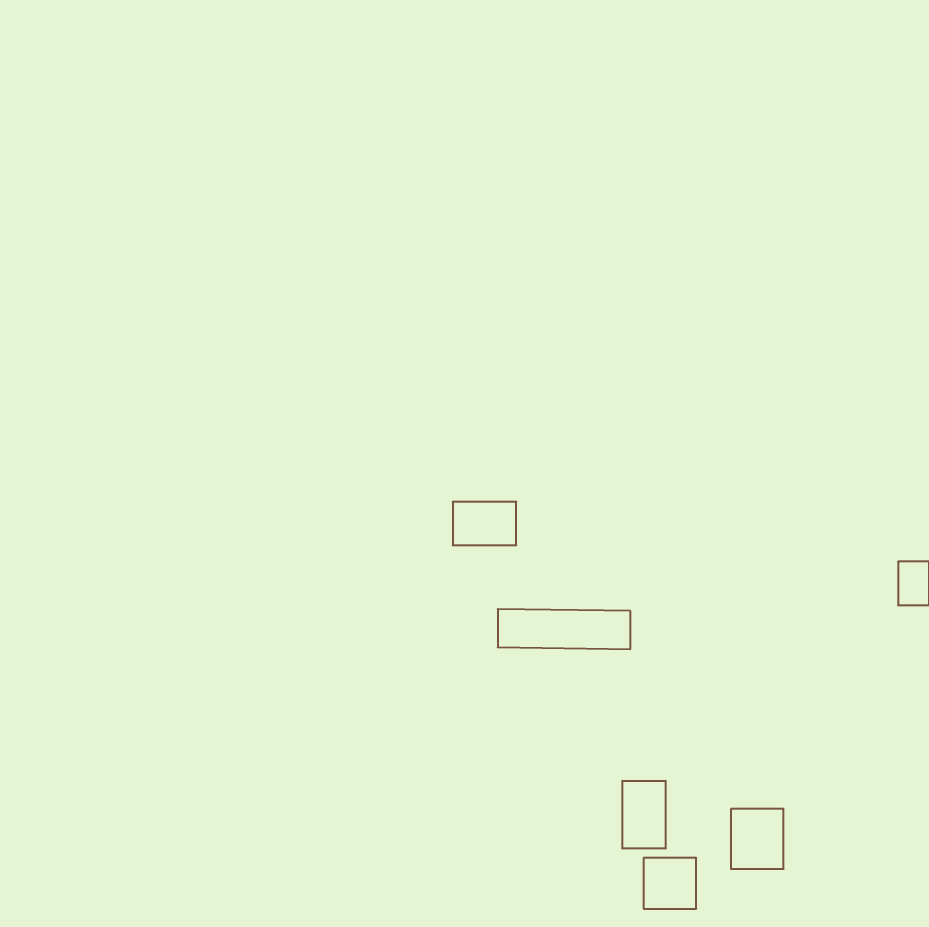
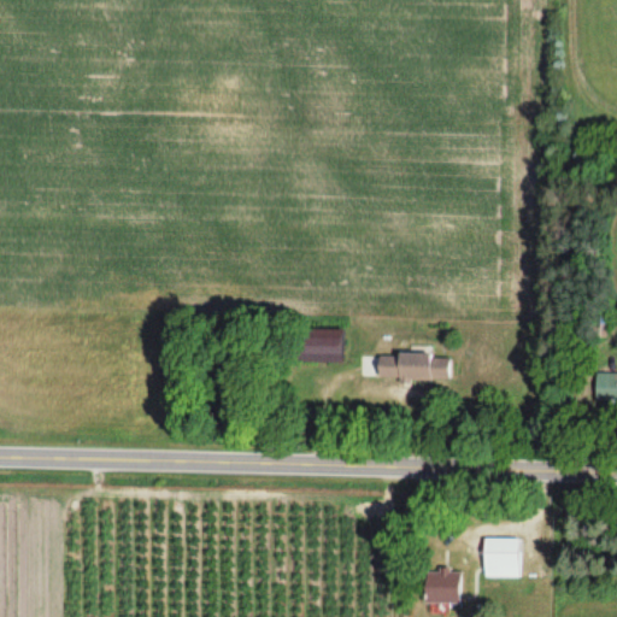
building: [498,609,630,649] -> [362,354,449,381]
building: [622,781,666,849] -> none

